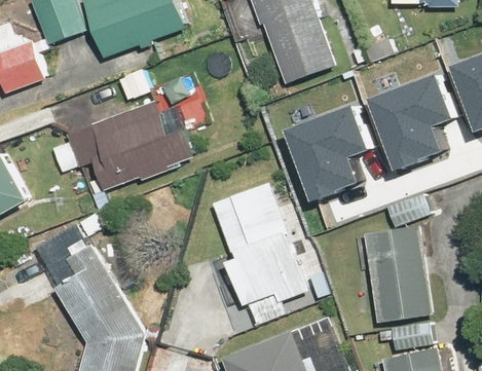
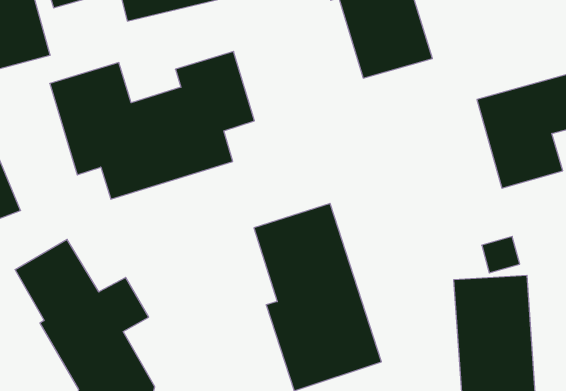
building: [290,106,370,195] -> none

